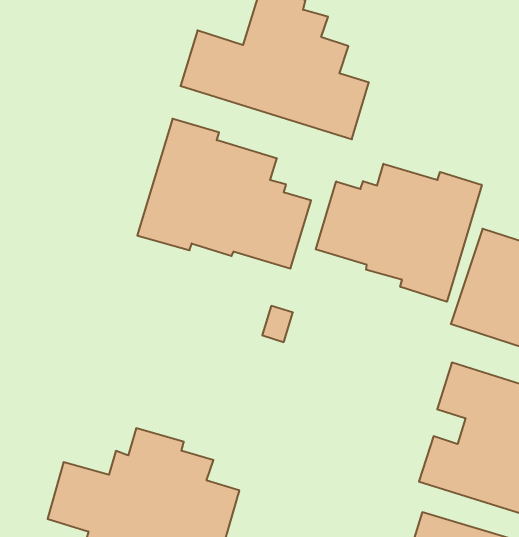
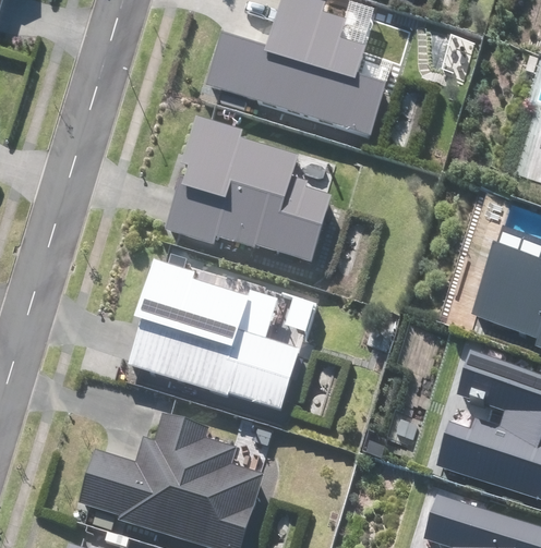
building: [316,164,482,302] -> none
building: none -> [127,258,299,407]

